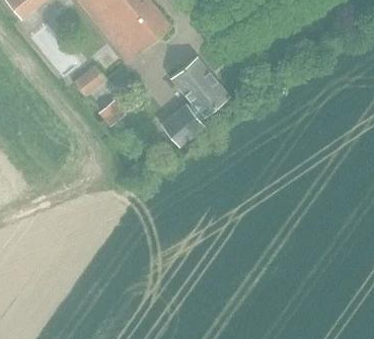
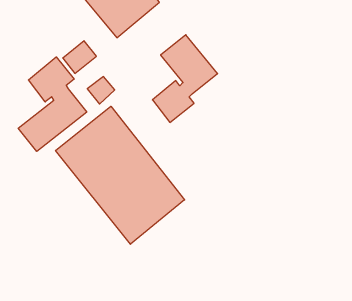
building: none -> [18,57,87,151]
building: none -> [56,106,185,244]

